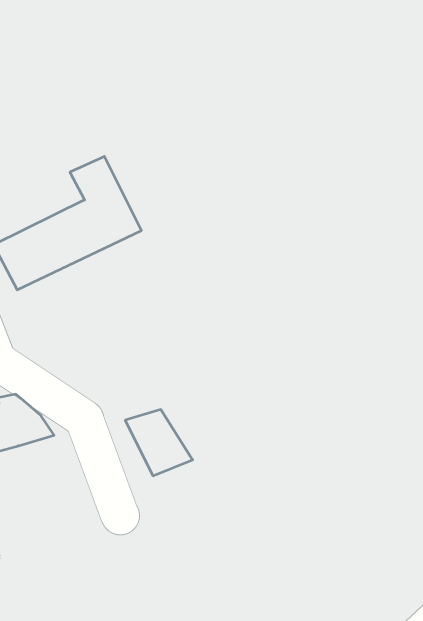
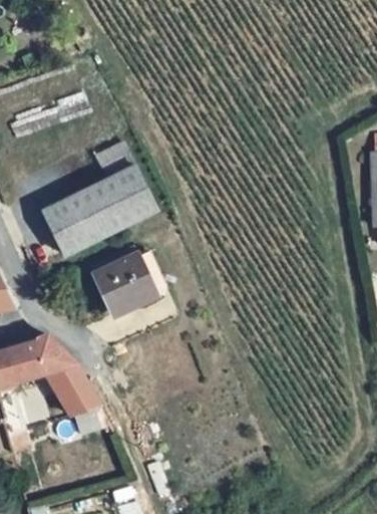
building: none -> [83,248,146,308]
building: [125,410,193,476] -> [48,364,99,415]

